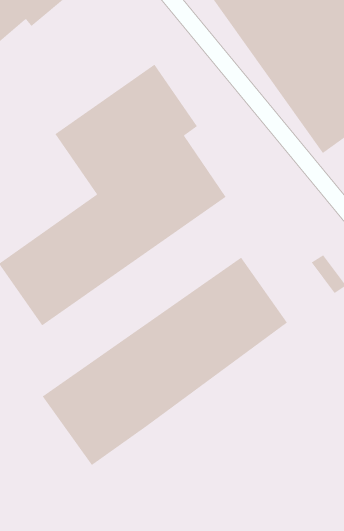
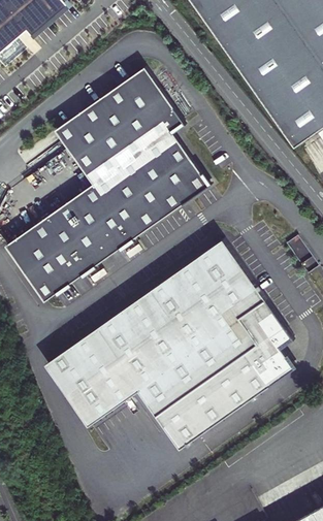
building: none -> [137,298,294,449]

